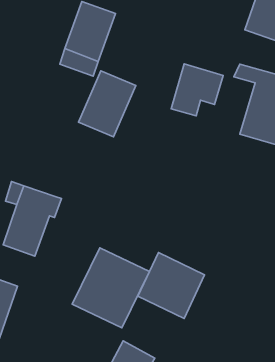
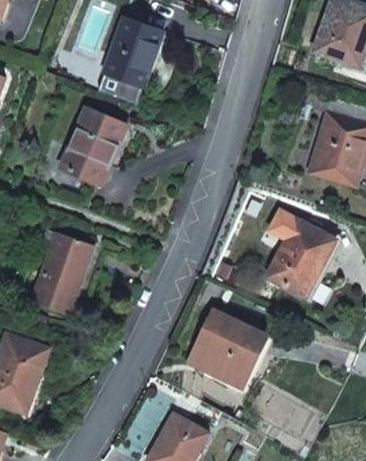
building: [171,64,223,116] -> none
building: [78,71,136,137] -> [59,109,126,186]
building: none -> [267,222,332,295]
building: [72,248,149,328] -> none

